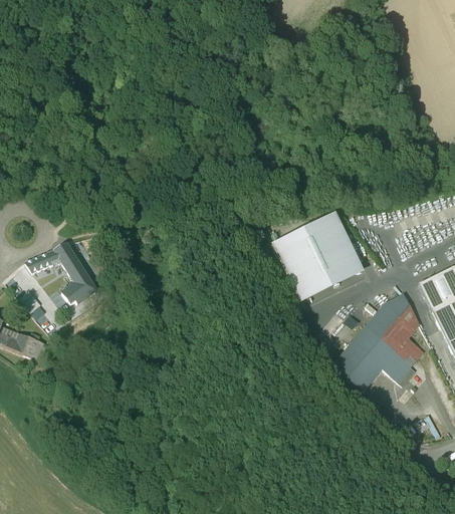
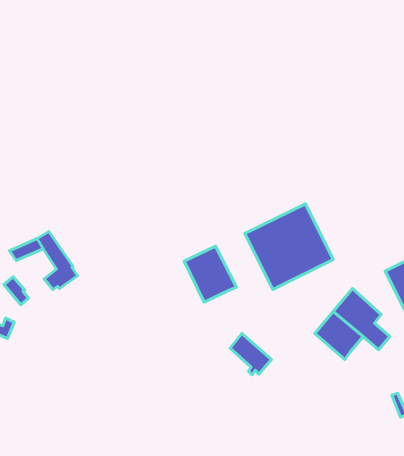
building: none -> [184,246,237,302]
building: [384,293,419,328] -> none
building: [332,348,376,392] -> [230,334,271,375]
building: [381,351,411,381] -> none

